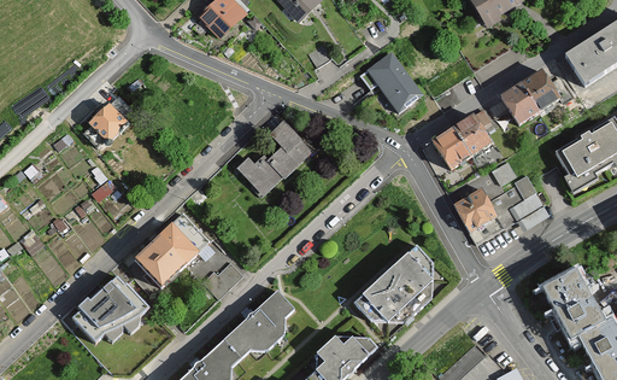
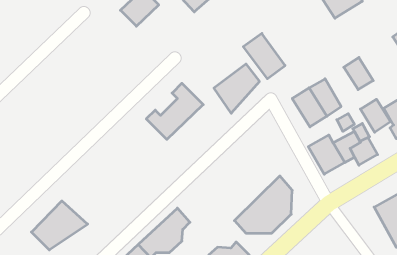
building: [522,70,563,115] -> [360,99,391,132]
building: none -> [214,64,259,113]
building: [82,99,127,144] -> none
building: [143,226,210,290] -> none

